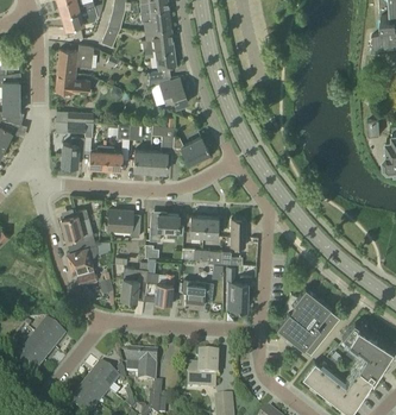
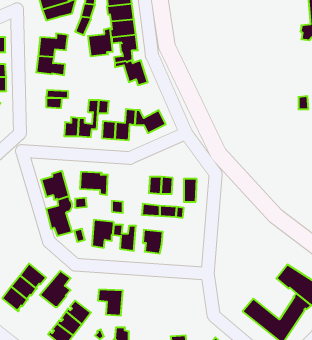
building: none -> [88,28,113,56]
building: [61,136,84,165] -> none
building: [149,210,180,240] -> none
building: [226,266,251,309] -> none
building: [276,288,338,353] -> none
building: none -> [40,271,71,307]
building: [188,353,218,386] -> none

